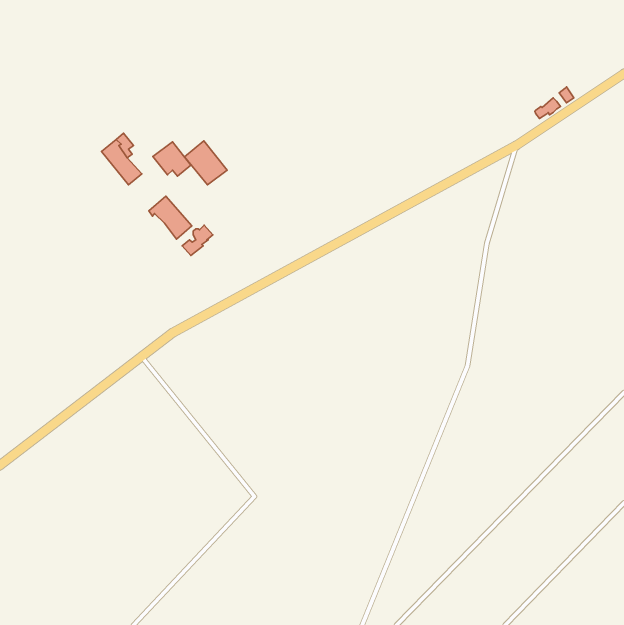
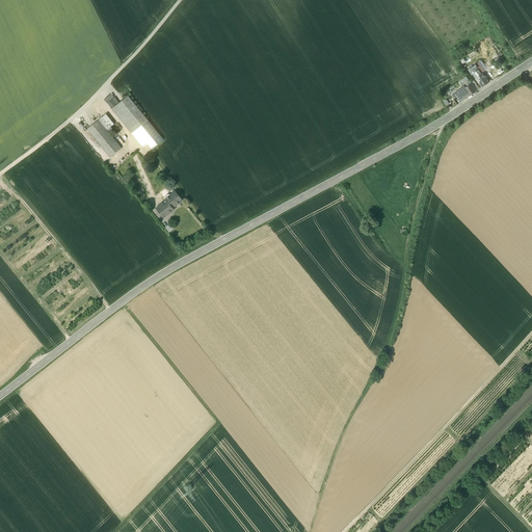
building: [184,141,227,185] -> [110,96,147,133]
building: [149,196,192,239] -> none

